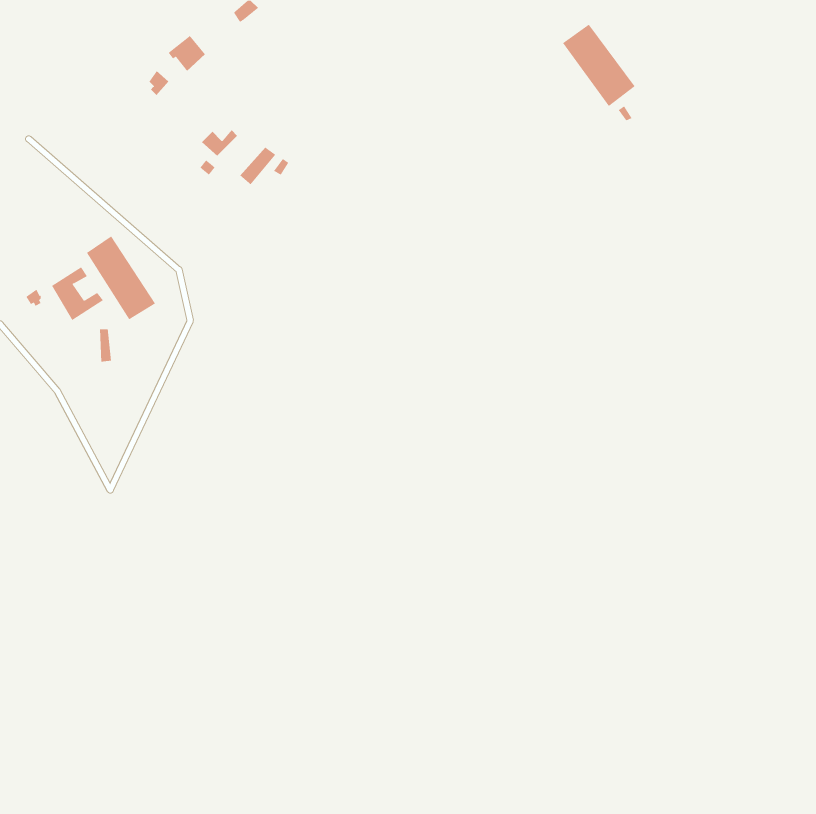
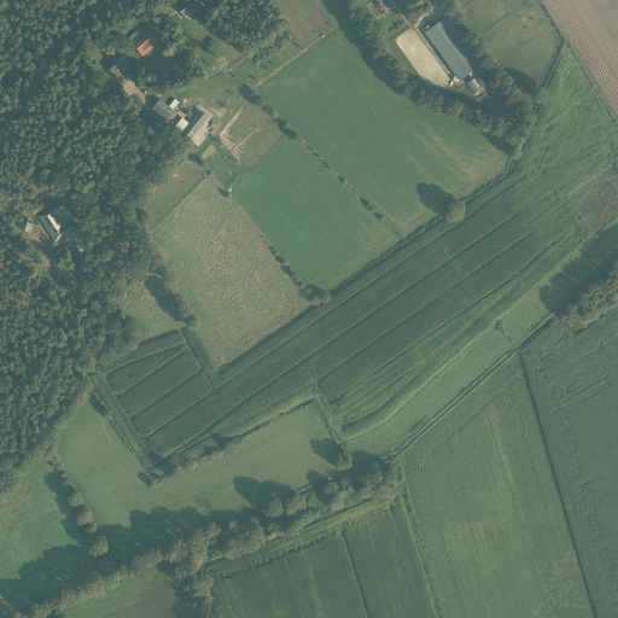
building: [86,236,156,320] -> none

